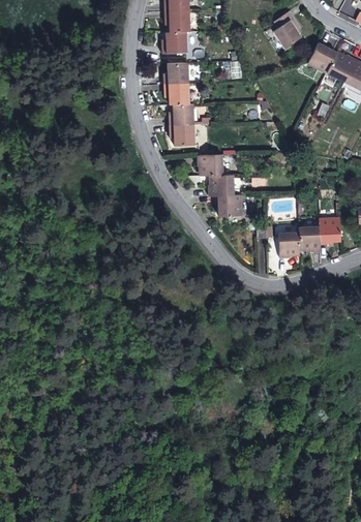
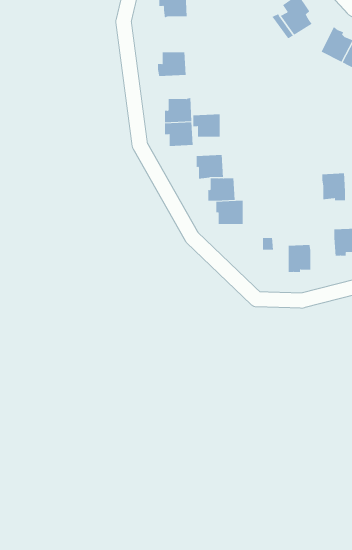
building: [161,31,187,53] -> none
building: [164,83,189,103] -> [193,114,221,137]
building: [299,226,321,251] -> [321,173,346,201]

